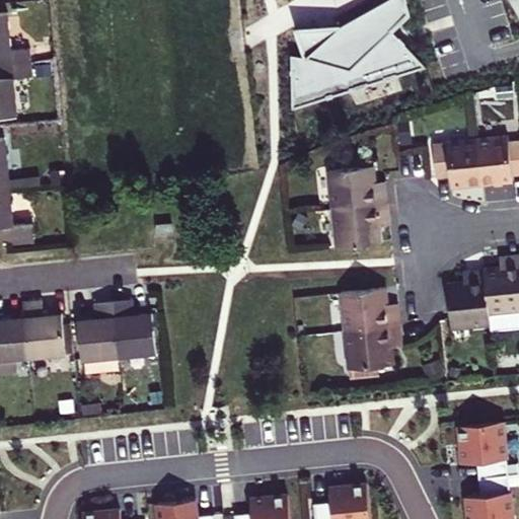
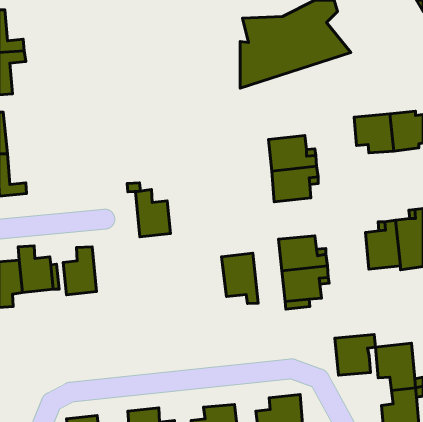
building: [113,301,155,359] -> [136,189,171,237]
building: none -> [221,253,258,304]
building: none -> [335,335,376,375]

